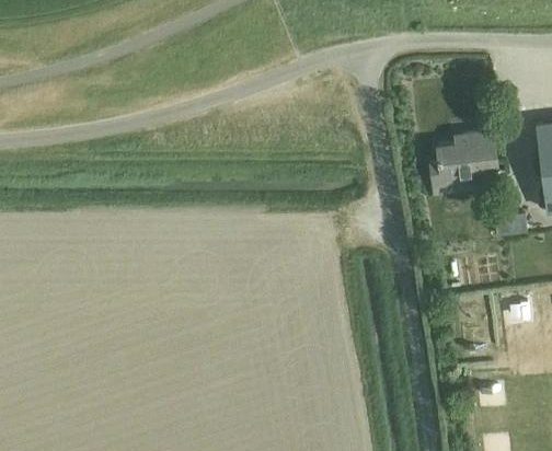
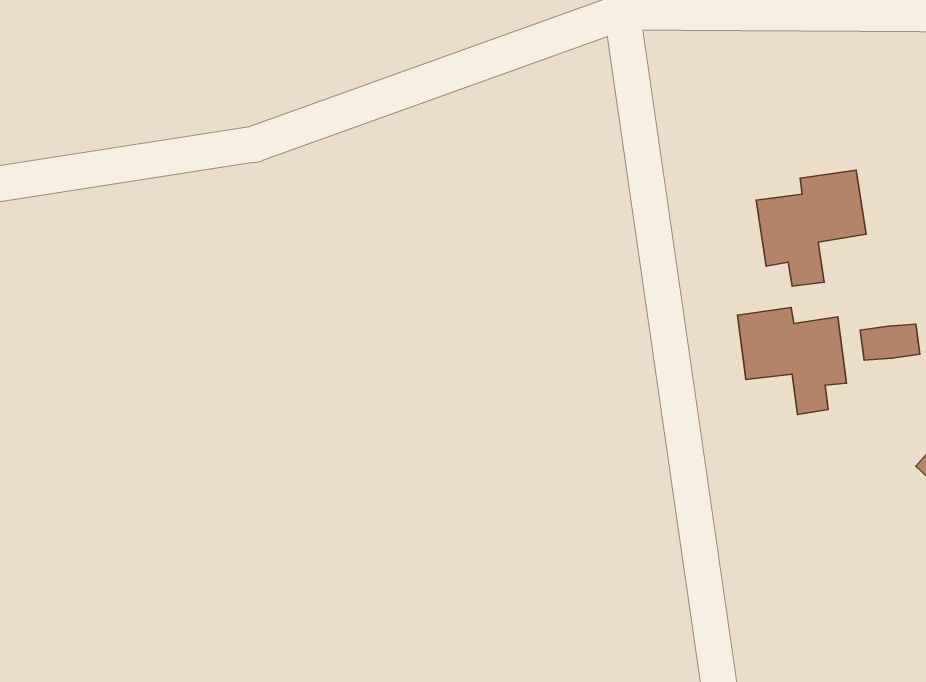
building: none -> [737,308,847,414]

